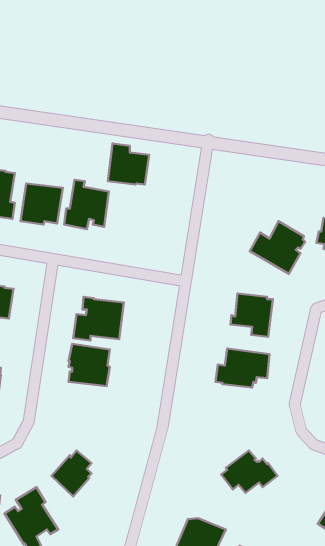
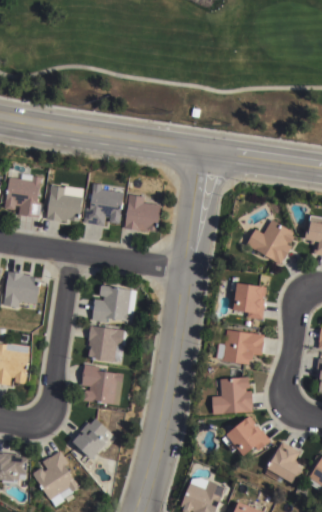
building: [108,143,149,185] -> [125,194,161,230]
building: none -> [81,364,123,405]
building: none -> [211,377,252,414]
building: none -> [264,441,302,483]

